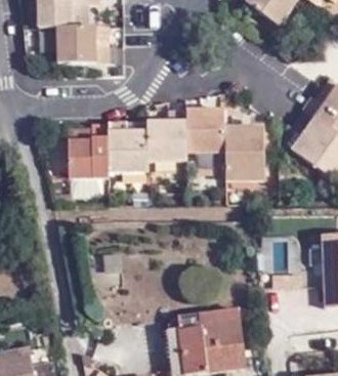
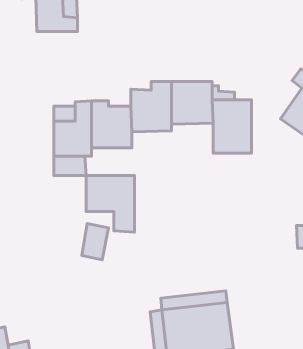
building: none -> [86,175,135,232]

